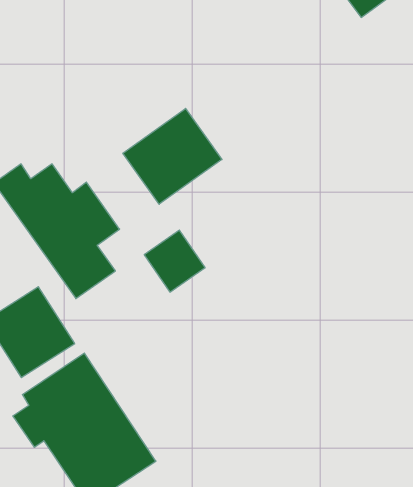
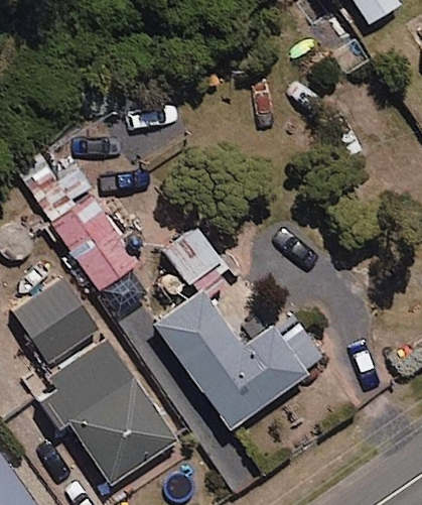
building: [123,108,222,204] -> none
building: none -> [154,290,325,429]

